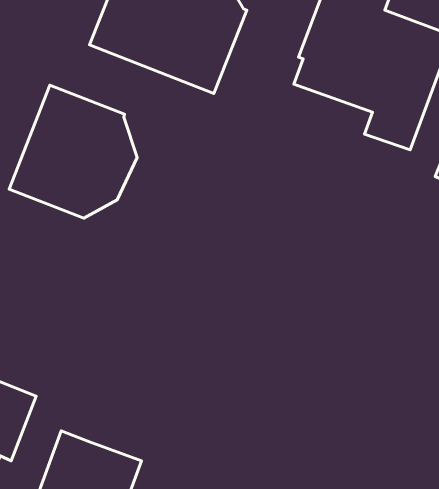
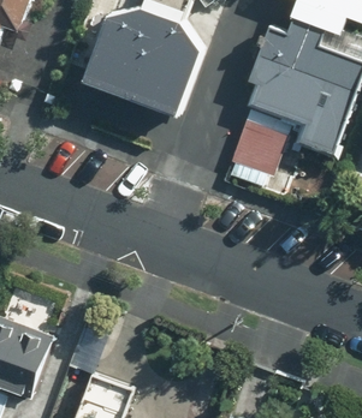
building: [9,85,137,218] -> none
building: none -> [229,117,289,179]

